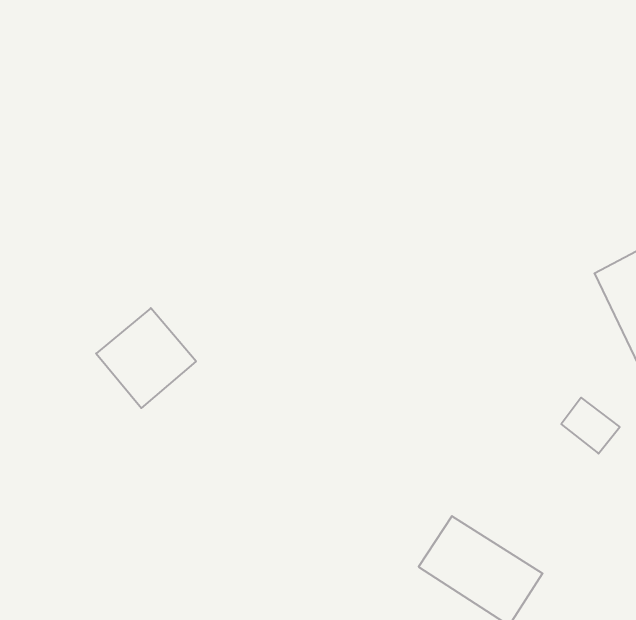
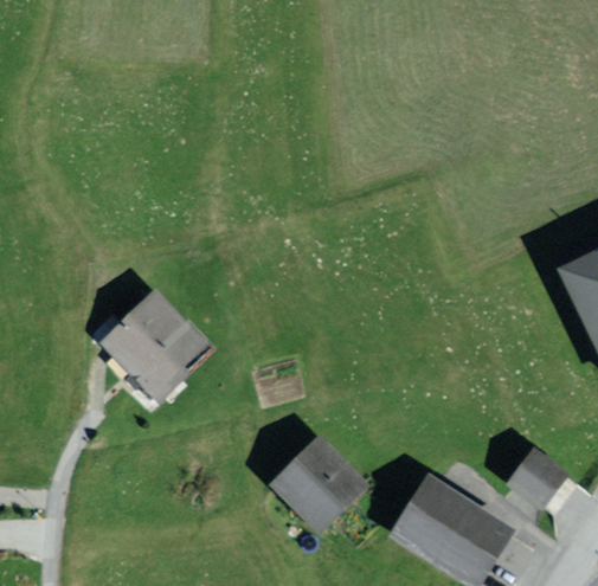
building: [561,398,620,454] -> [514,452,566,502]
building: none -> [282,445,358,521]

